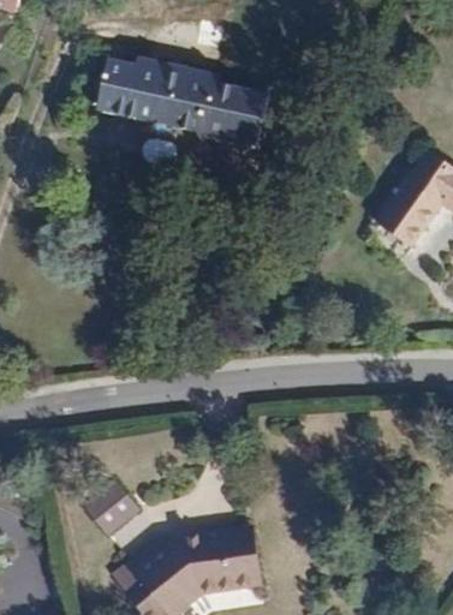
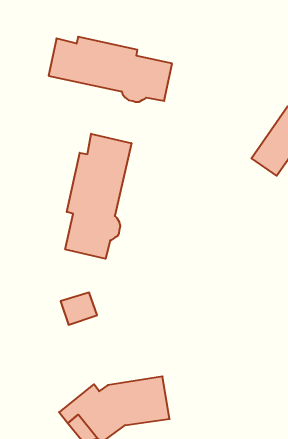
building: none -> [65,134,131,259]
building: [89,488,139,532] -> [61,293,97,325]

